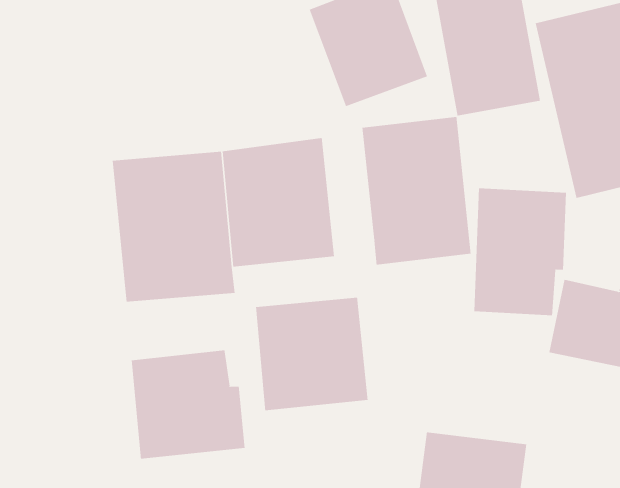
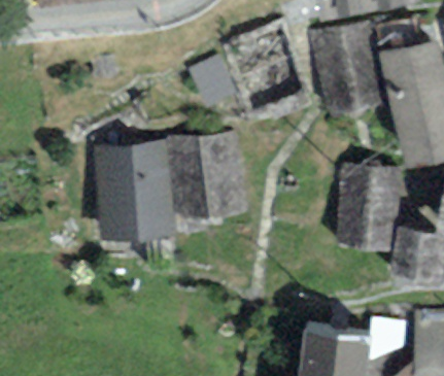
building: [362,116,471,266] -> none
building: [256,297,368,411] -> none
building: [131,350,245,459] -> none

